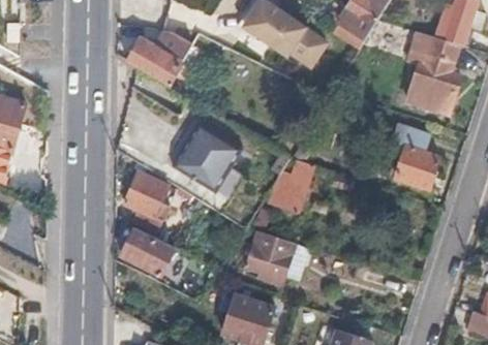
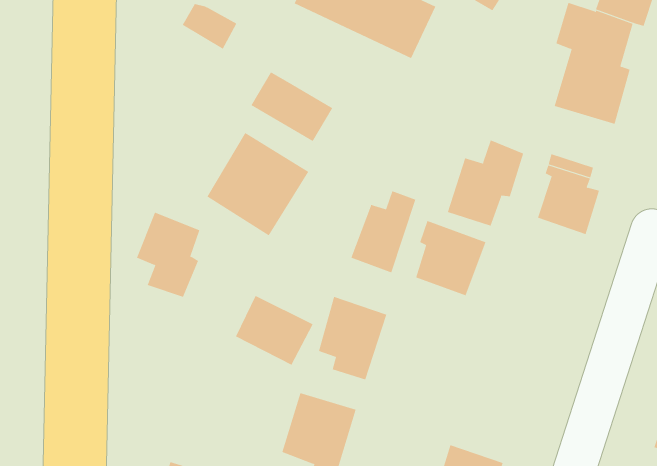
building: [127,38,183,86] -> [250,72,333,142]
building: none -> [447,139,524,226]
building: none -> [416,220,486,296]
building: [122,226,175,274] -> [235,295,313,366]

